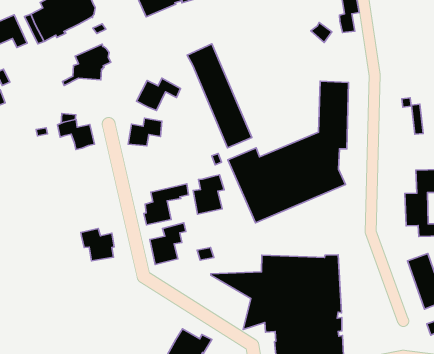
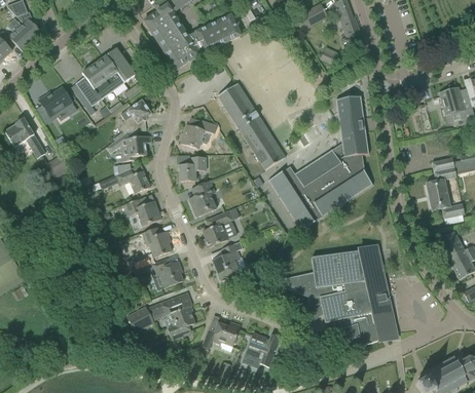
building: none -> [106,130,149,160]
building: none -> [122,197,160,226]
building: [193,175,224,214] -> [188,180,216,217]
building: none -> [142,226,171,257]
building: none -> [125,291,194,340]
building: none -> [200,320,241,350]

